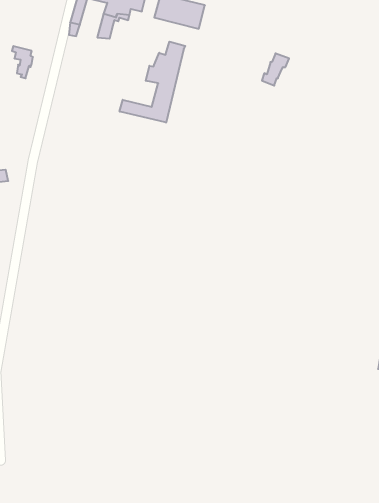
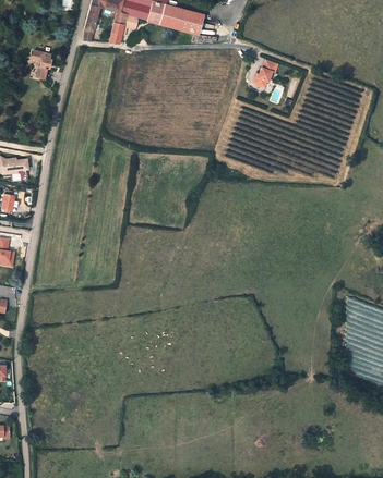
building: [120,42,185,123] -> none

